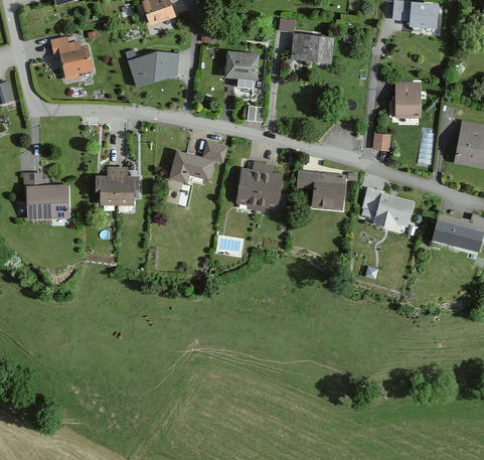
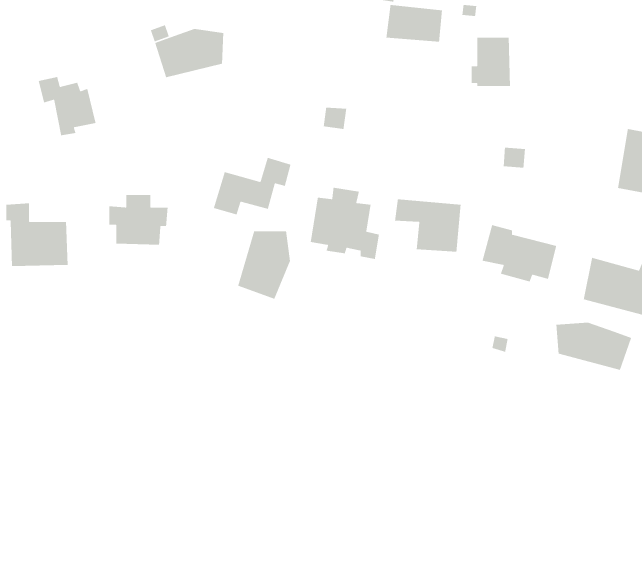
building: [51,36,93,79] -> [38,76,96,136]
building: [226,51,259,79] -> none
building: [392,82,421,117] -> [471,37,511,87]
building: none -> [237,230,291,300]
building: none -> [556,322,632,371]

